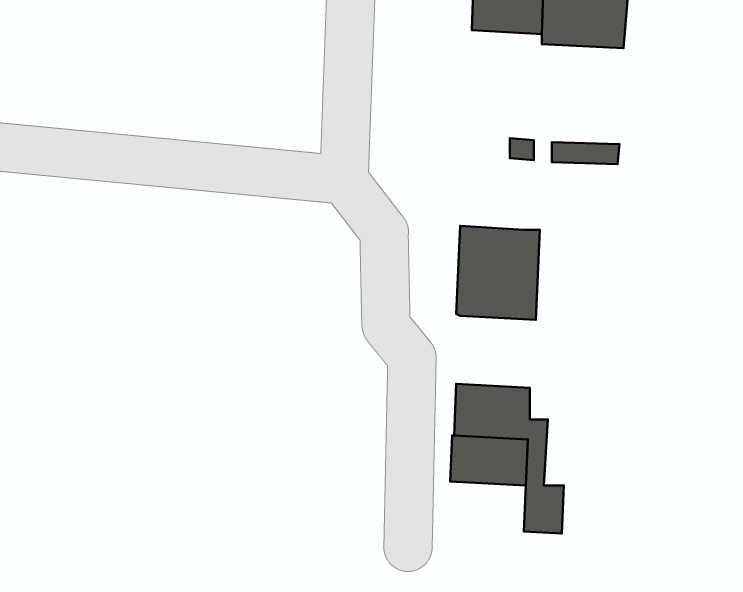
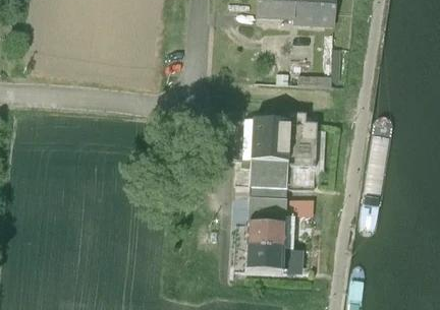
building: none -> [249,111,317,198]
building: none -> [243,246,284,271]

